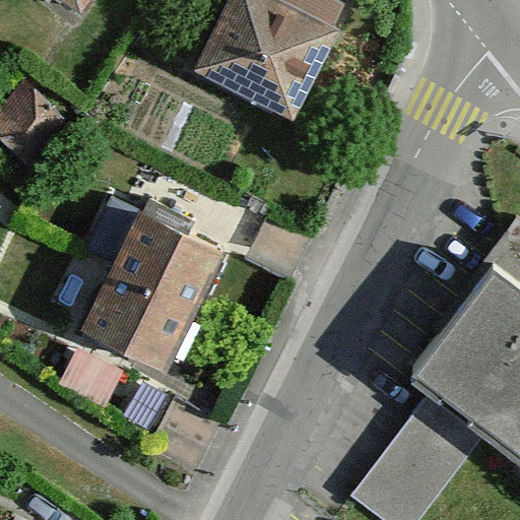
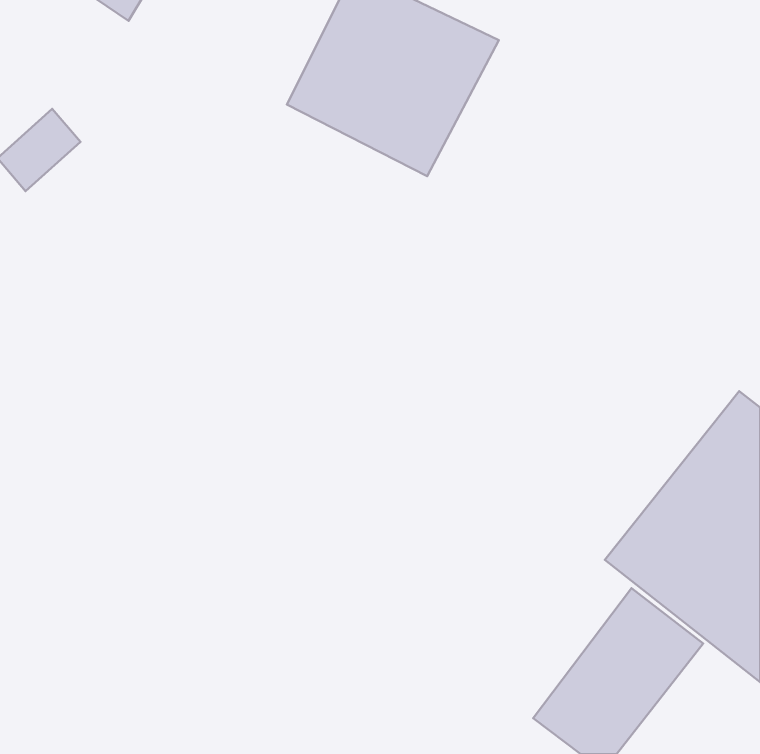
building: [85,210,216,361] -> none

